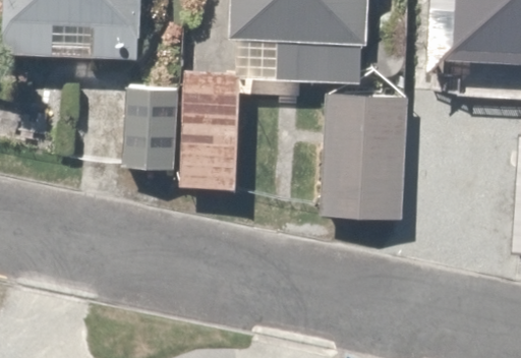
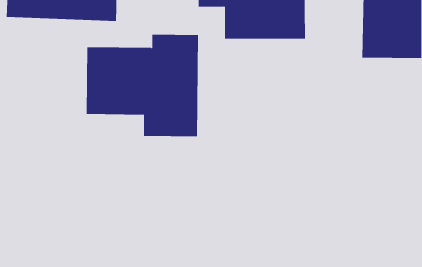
building: [316,93,407,217] -> none

